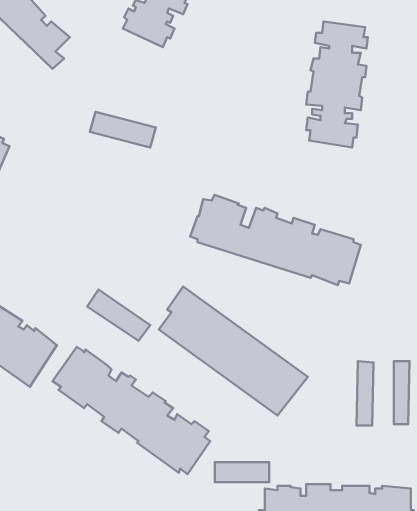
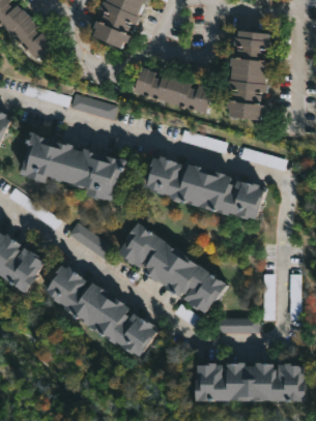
building: none -> [133,66,212,113]
building: none -> [21,131,125,200]
building: [215,462,269,482] -> [219,320,258,334]

